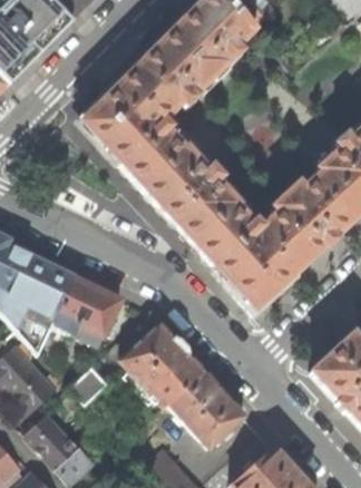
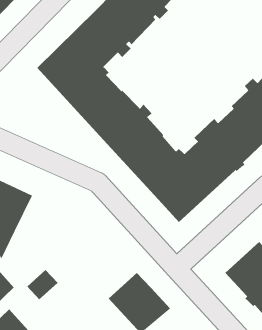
building: [55,276,120,347] -> none
building: [120,323,203,417] -> none

